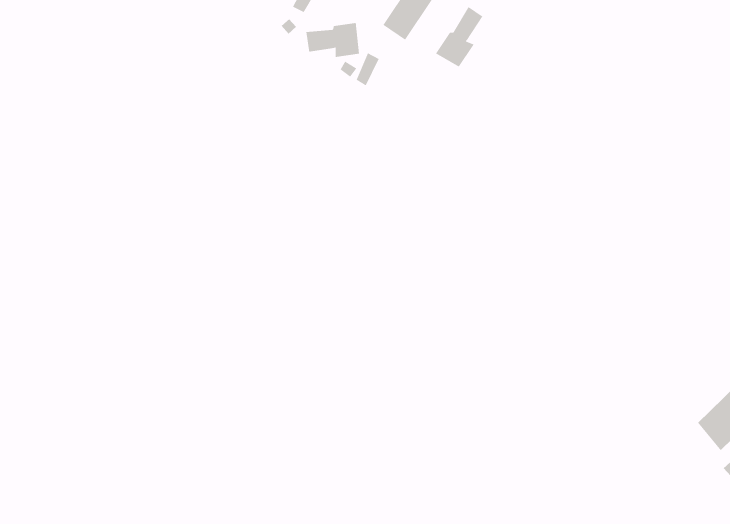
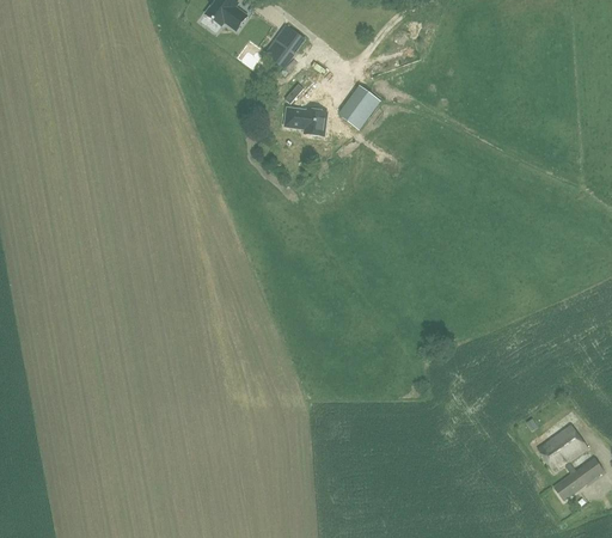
building: [435,6,483,67] -> none

